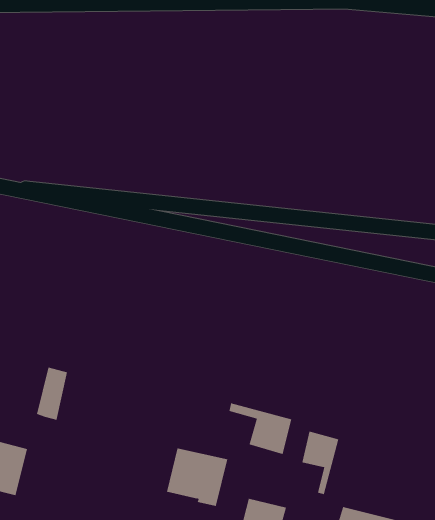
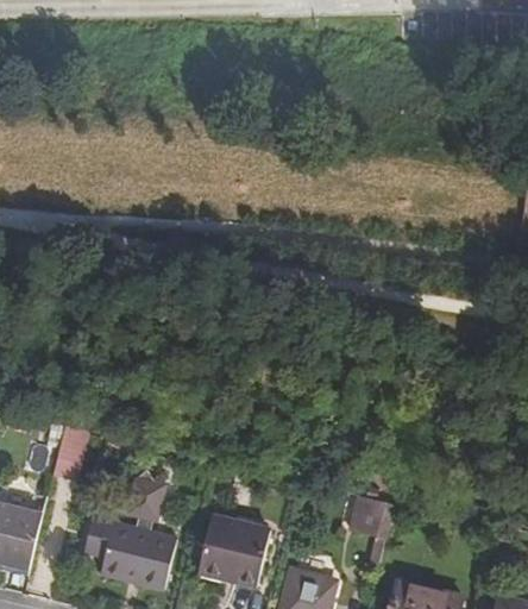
building: [229,403,292,455] -> none
building: none -> [81,516,174,590]

